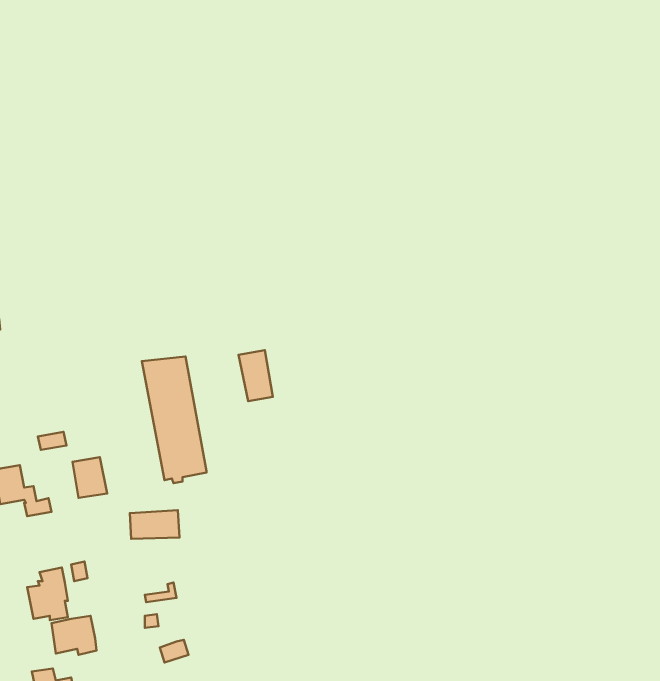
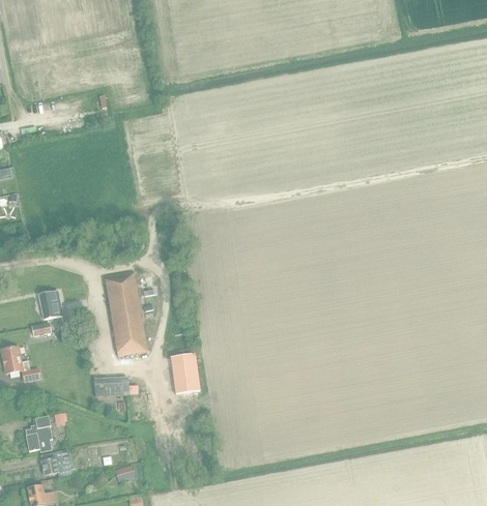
building: [239,350,273,401] -> none
building: [73,457,107,498] -> [39,290,63,318]
building: none -> [170,353,200,392]

